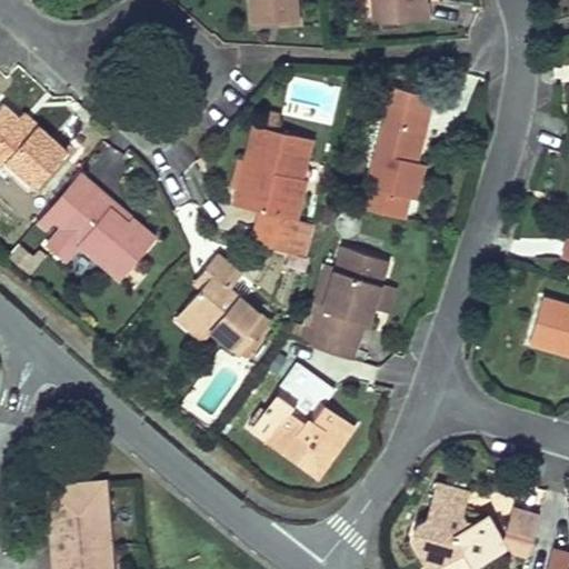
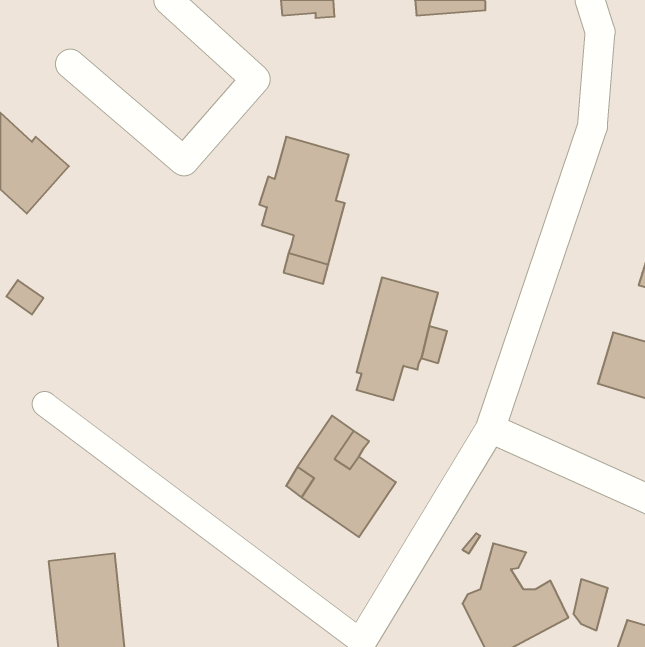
building: [362,84,438,219] -> none
building: [41,183,156,283] -> none
building: [180,259,272,359] -> none

